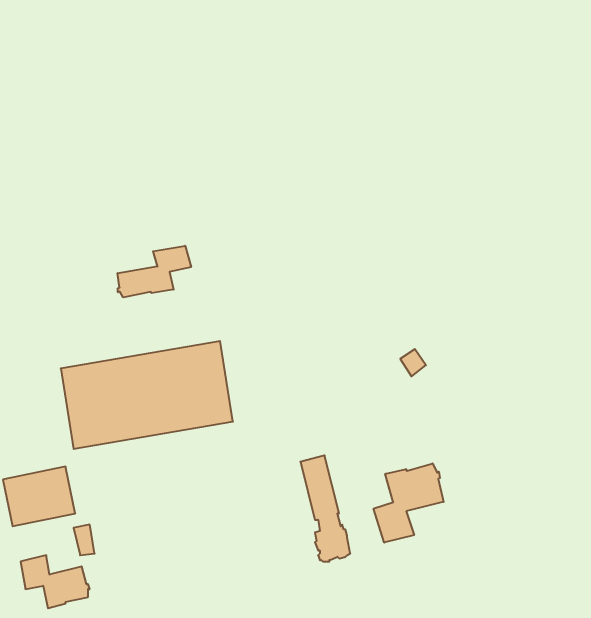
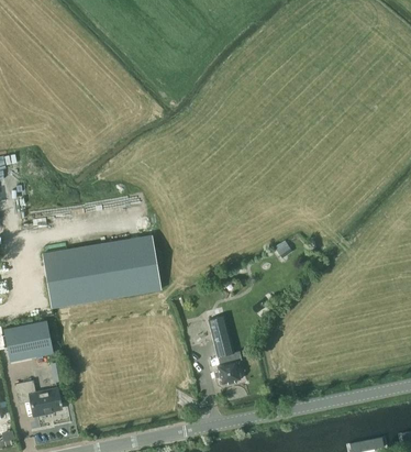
building: [118,246,191,297] -> none
building: [374,463,444,543] -> none

